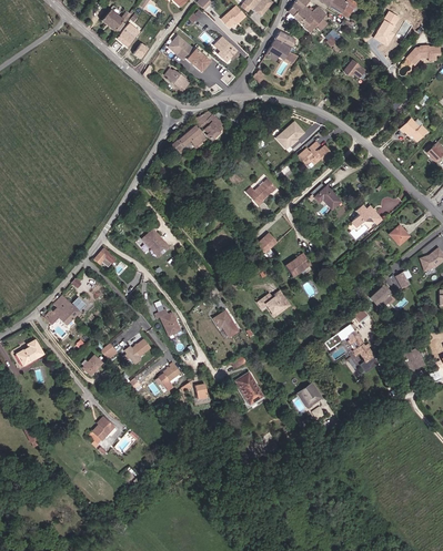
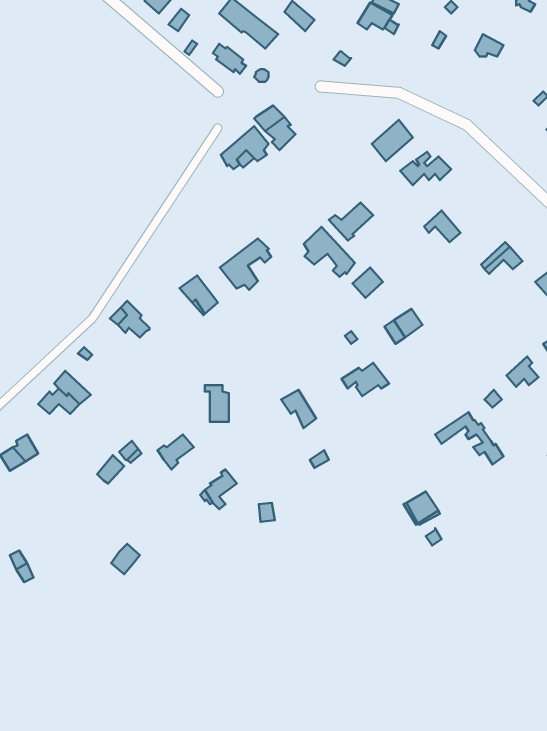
building: none -> [304,227,355,277]
building: none -> [220,239,271,290]
building: [236,370,266,402] -> none

